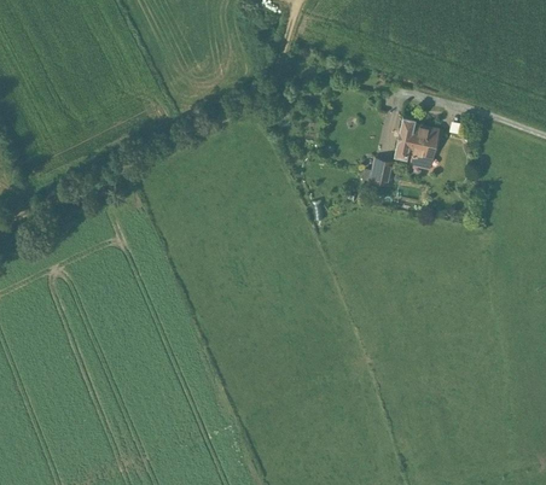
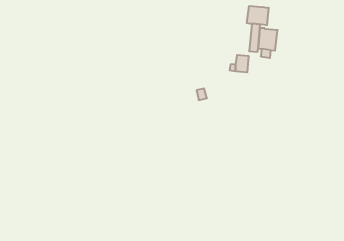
building: none -> [247,6,269,25]

